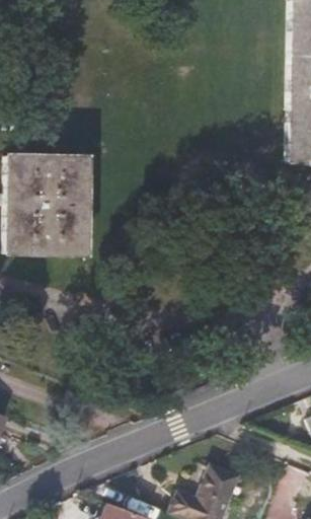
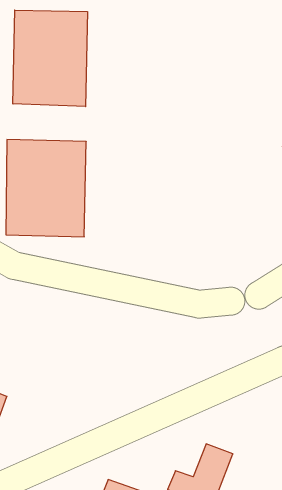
building: none -> [13,10,87,107]

